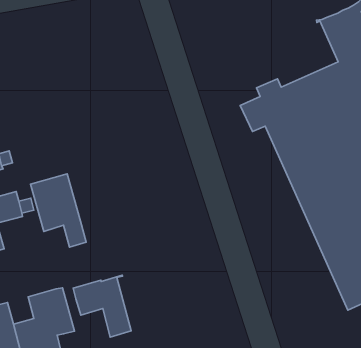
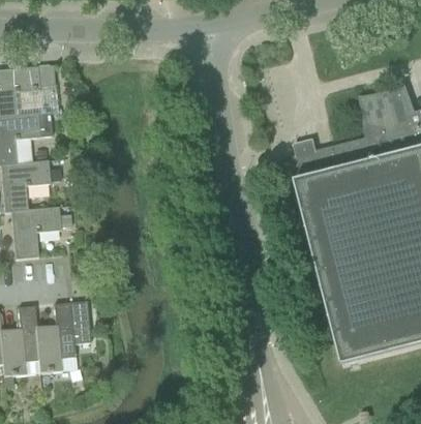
building: [30,174,86,247] -> none
building: [73,275,131,337] -> none

